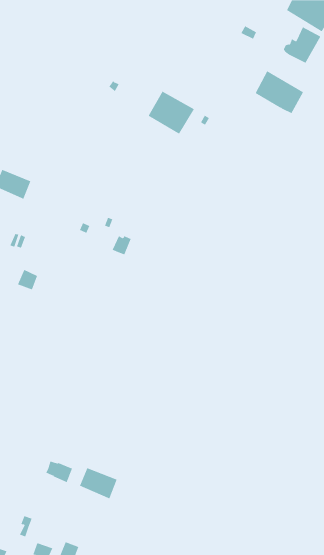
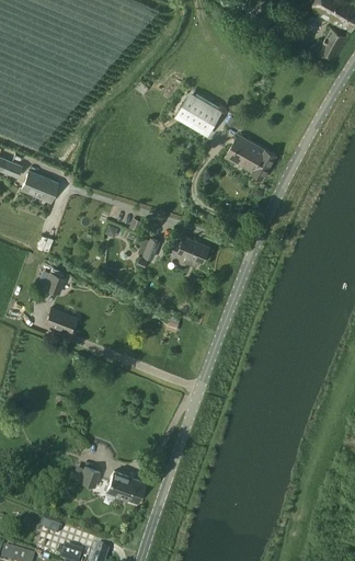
building: [255,70,304,114] -> [226,134,275,178]
building: none -> [171,237,209,267]
building: none -> [44,308,77,333]

